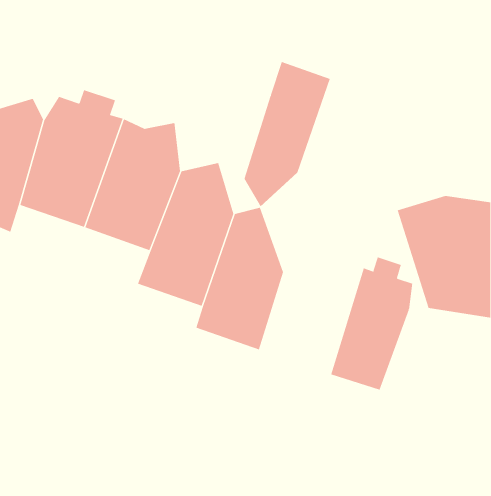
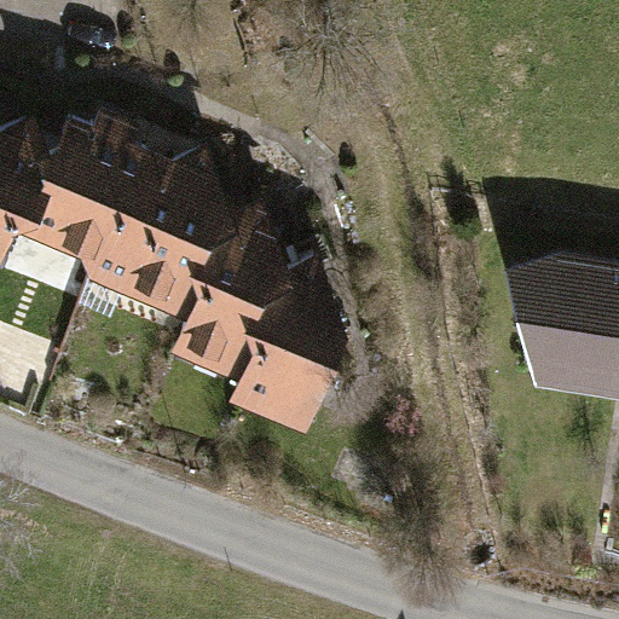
building: [244,61,331,207] -> none
building: [330,257,413,391] -> none

